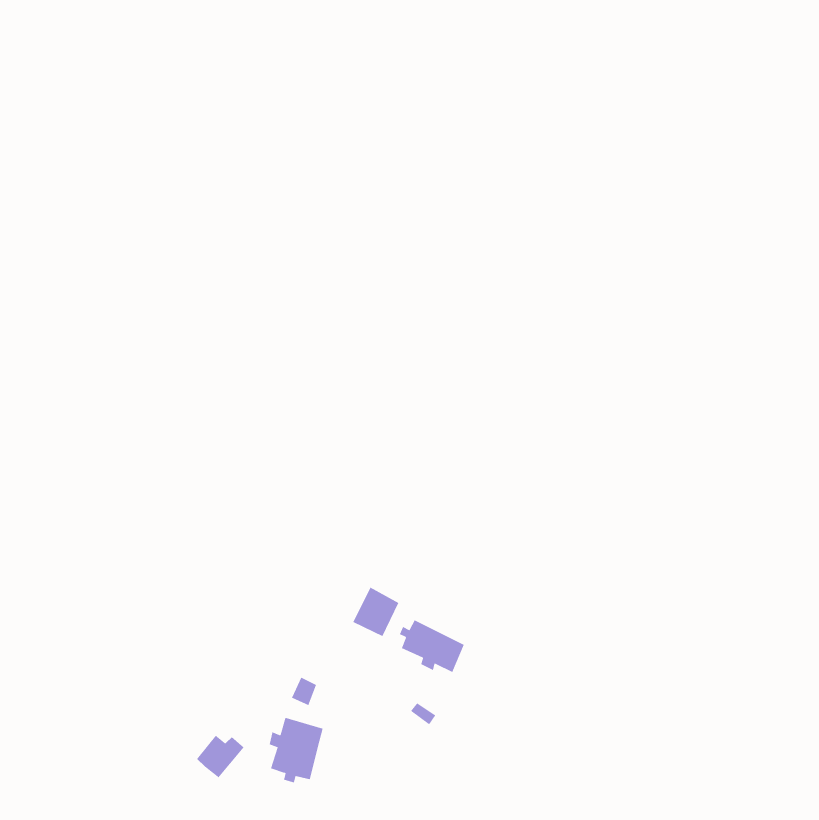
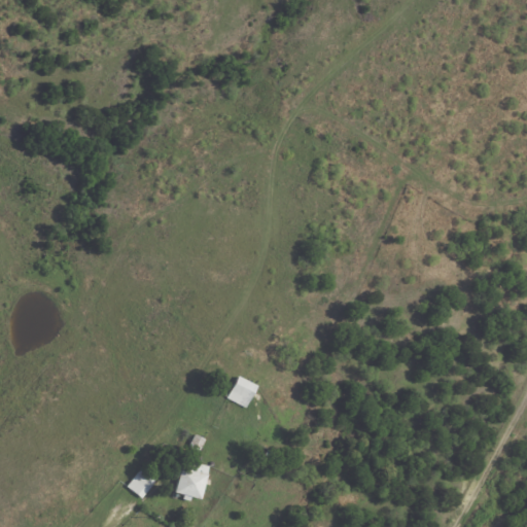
building: [399,619,465,673] -> none

